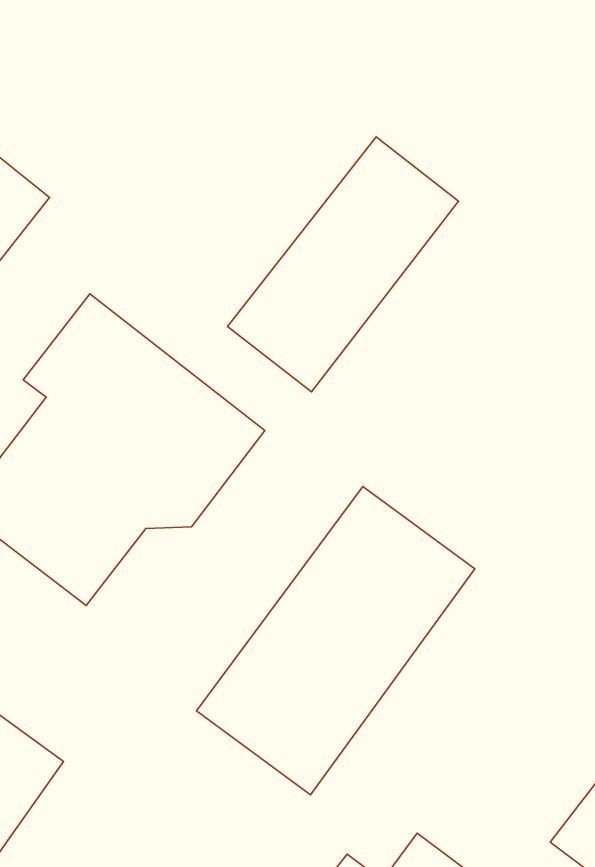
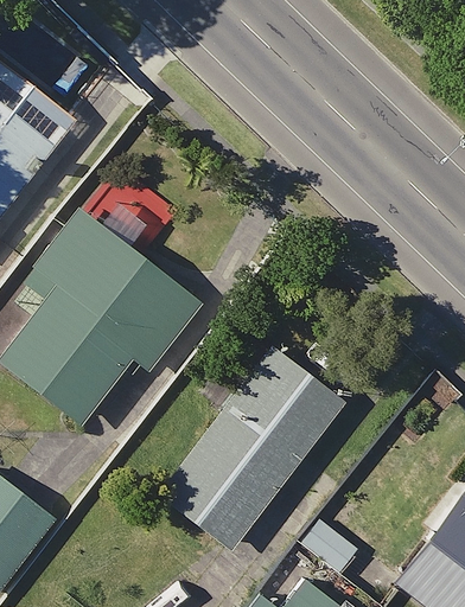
building: [227,137,458,392] -> none

